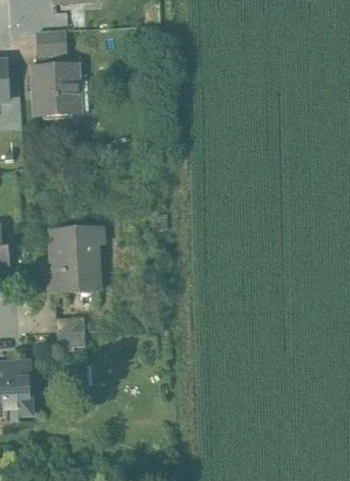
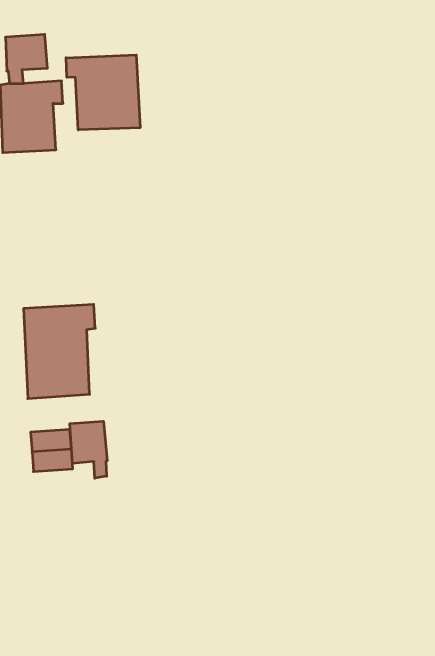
building: none -> [66,55,140,130]
building: none -> [70,421,107,478]

